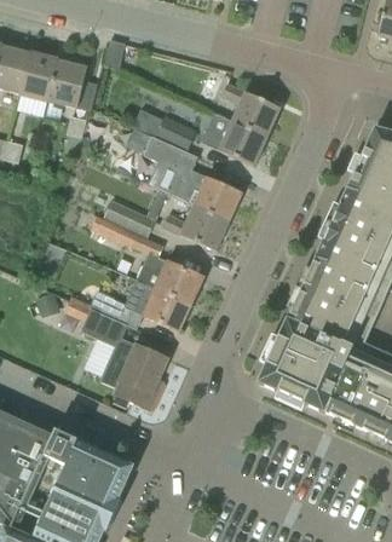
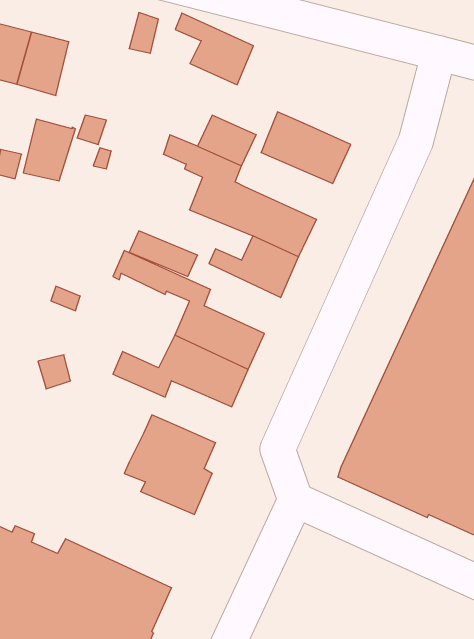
building: [48,59,87,105] -> [23,119,75,181]
building: [221,82,279,136] -> [175,13,253,85]
building: [63,296,129,342] -> none

